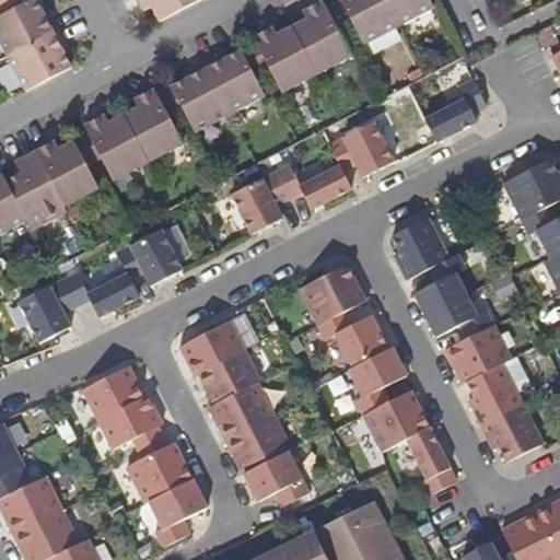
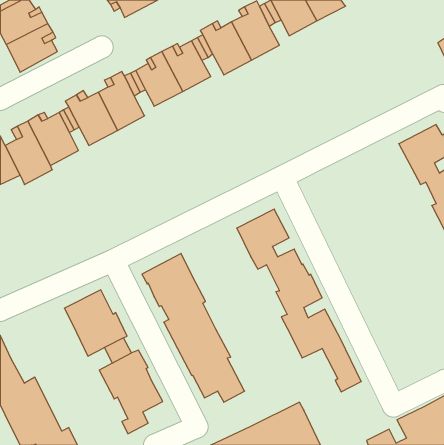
building: [424,78,486,140] -> none
building: [231,119,393,232] -> none
building: [392,217,542,460] -> none
building: [19,228,180,340] -> none

